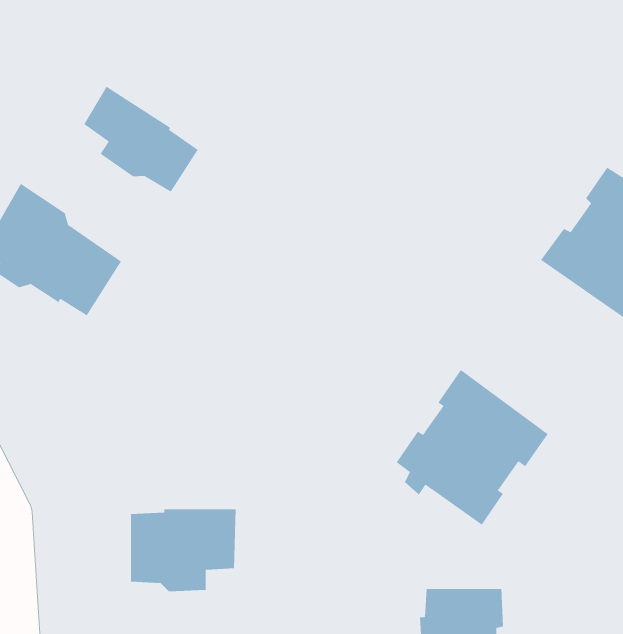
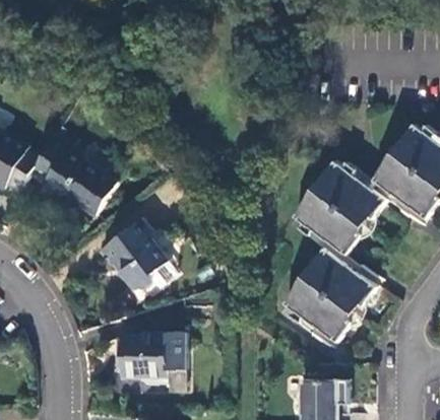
building: [84,86,198,192] -> none
building: none -> [293,160,387,254]
building: none -> [100,218,170,289]

